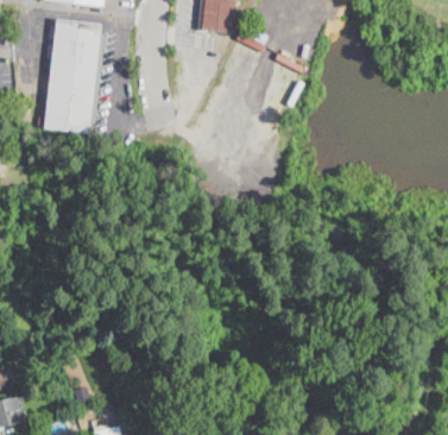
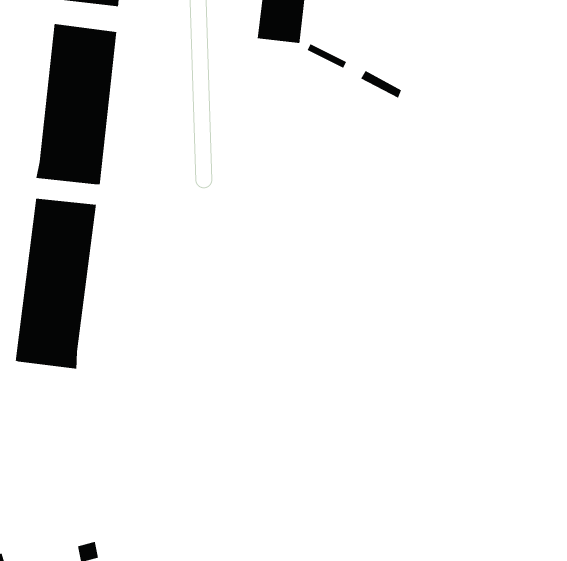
building: none -> [15,198,96,370]

